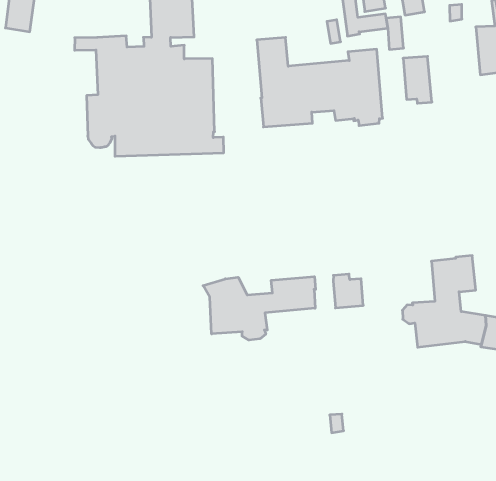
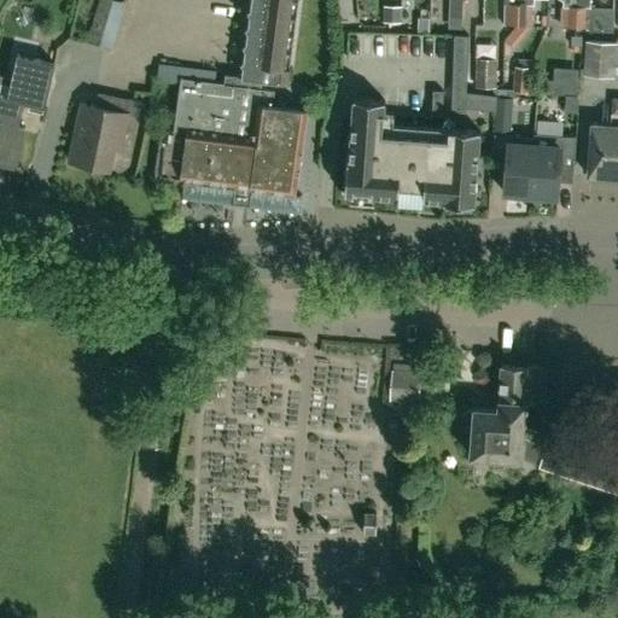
building: none -> [530,136,575,198]
building: none -> [69,92,142,170]
building: [203,277,316,340] -> none

